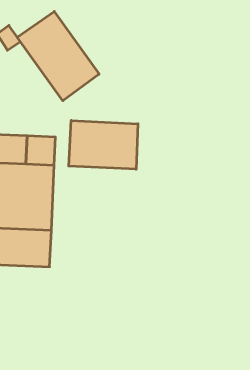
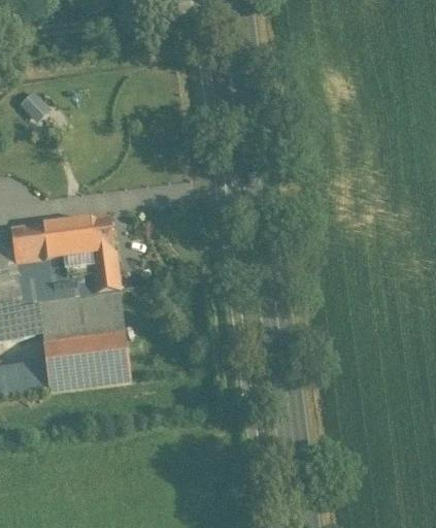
building: [17,11,99,101] -> none
building: [69,120,138,169] -> none

